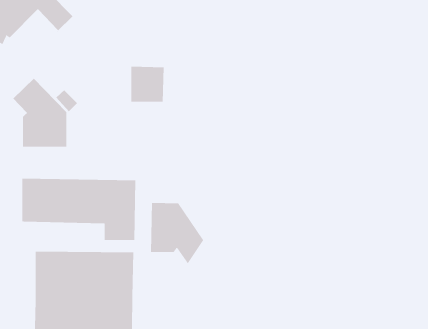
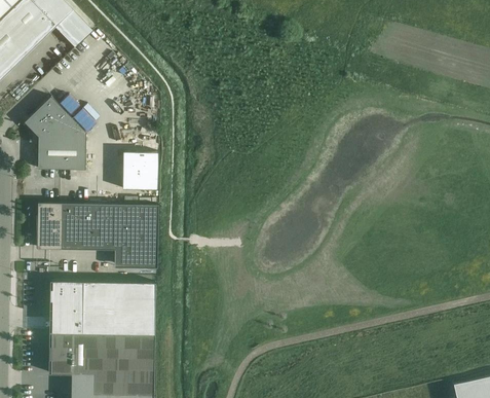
building: [130,66,164,102] -> [121,153,157,191]
building: [151,202,204,264] -> none

